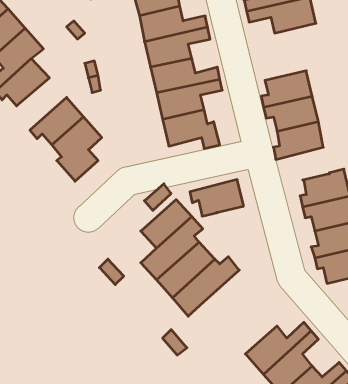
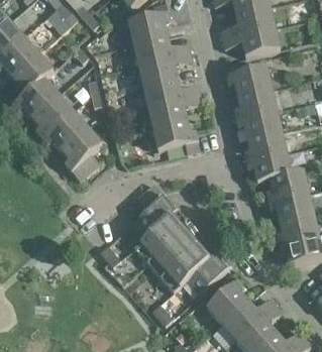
building: none -> [224,64,272,96]
building: none -> [31,94,73,137]
building: [190,180,243,216] -> [246,151,291,182]
building: none -> [187,253,229,294]
building: none -> [206,272,247,323]

